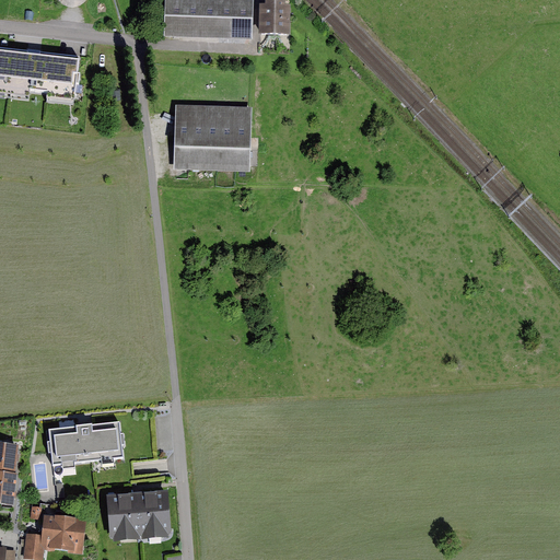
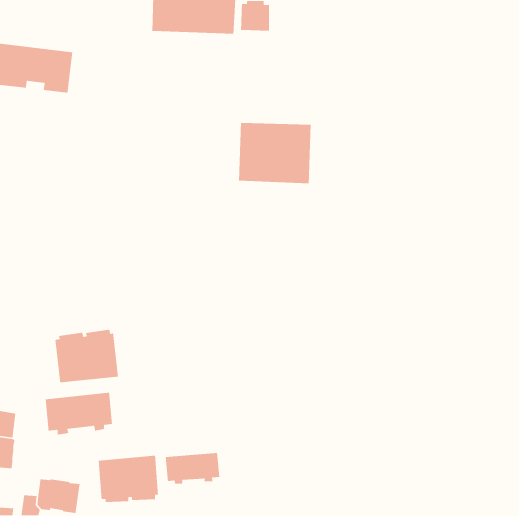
building: [173,104,252,171] -> [238,122,311,184]
building: none -> [55,329,119,383]
building: none -> [165,452,220,484]

